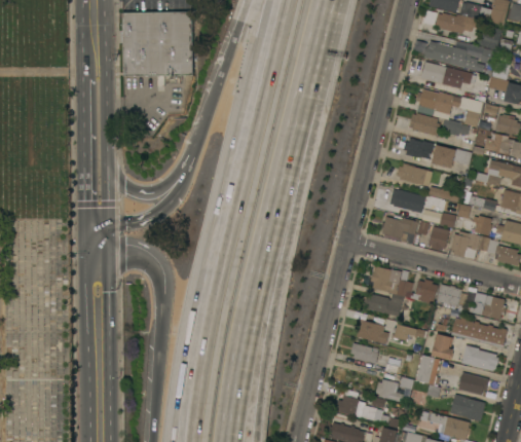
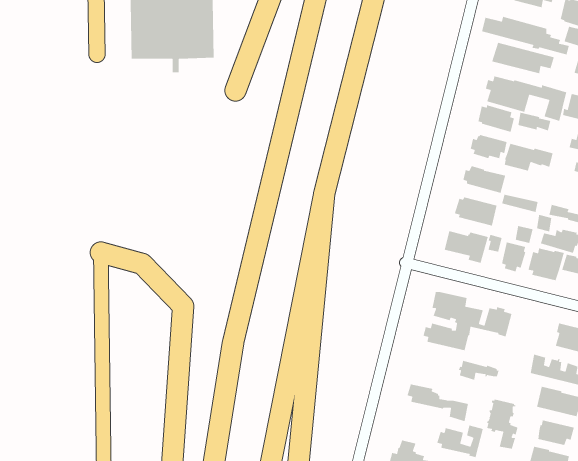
building: [437,285,467,306] -> none
building: [357,320,388,344] -> none
building: [432,334,453,361] -> none

